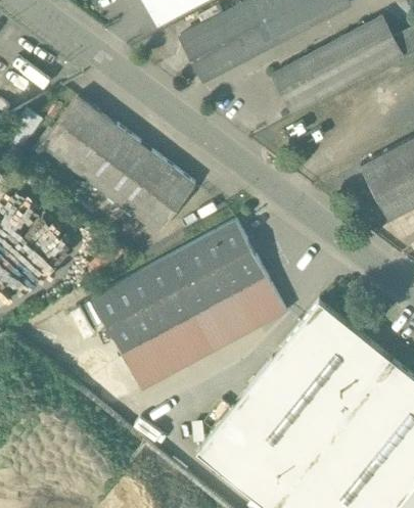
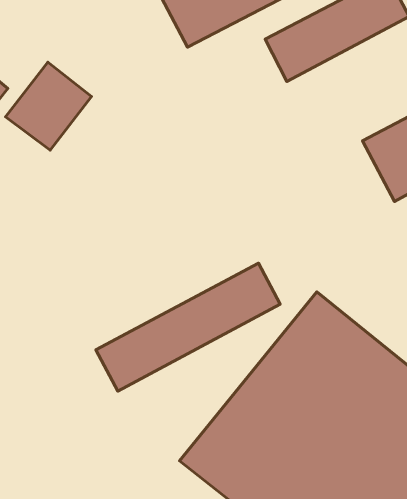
building: [81,125,195,232] -> none
building: [92,219,267,352] -> none

